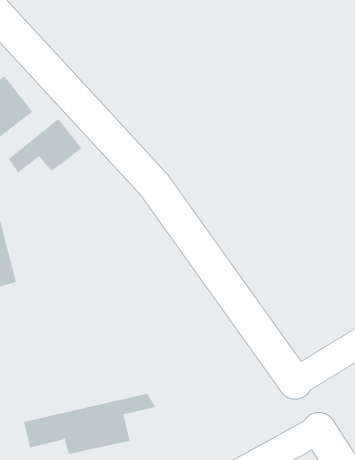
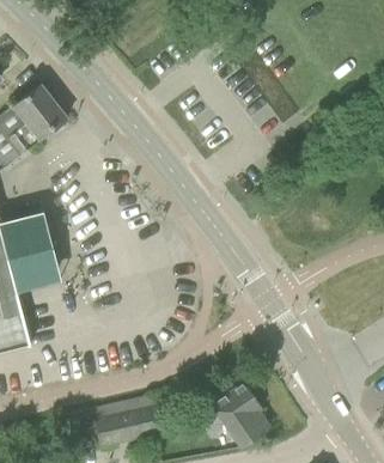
building: [8,118,82,173] -> none
building: none -> [197,384,269,449]

